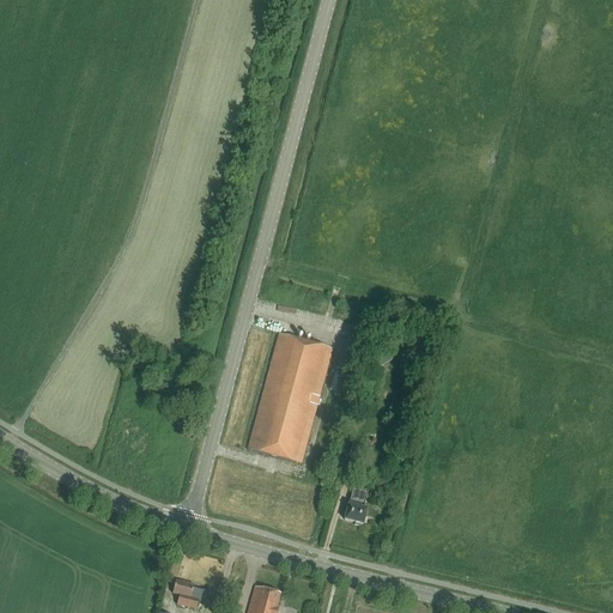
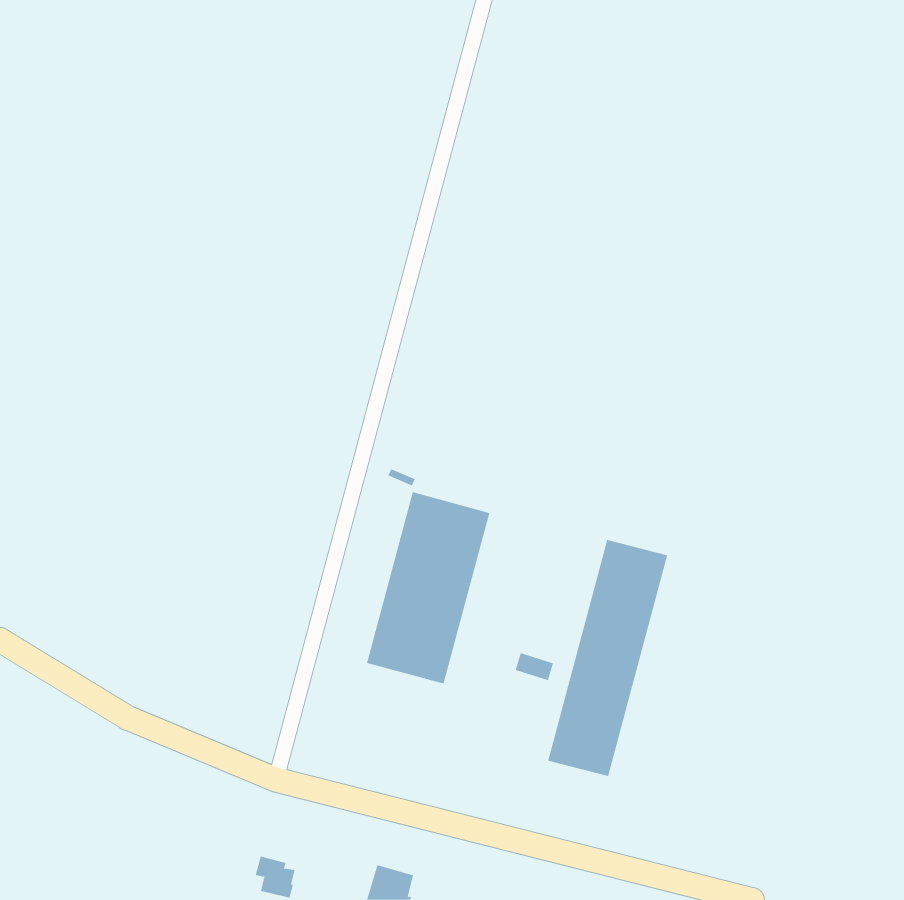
building: none -> [547,539,668,777]
building: [344,488,368,526] -> none

